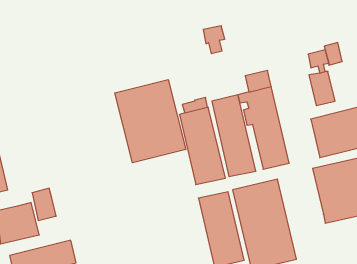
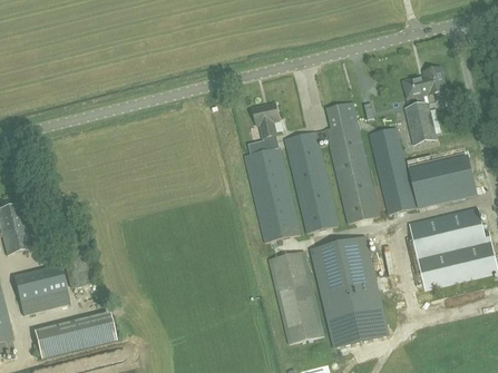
building: [203,26,225,54] -> [253,104,280,138]
building: [115,80,186,163] -> none
building: none -> [370,127,416,215]

